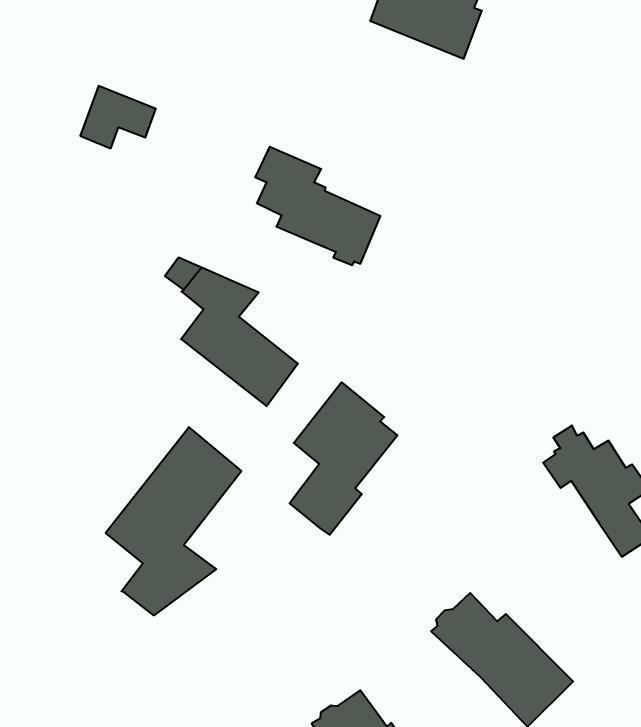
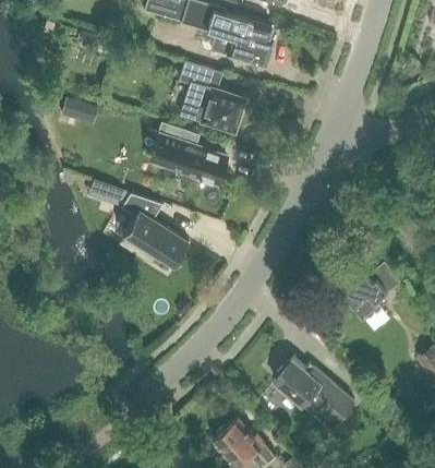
building: none -> [179,61,243,131]
building: [290,382,397,535] -> none
building: [106,427,241,615] -> none

